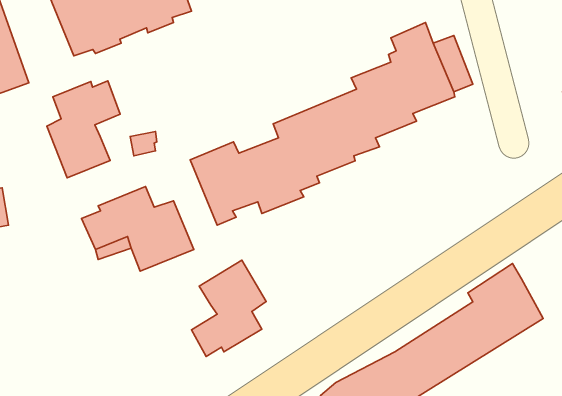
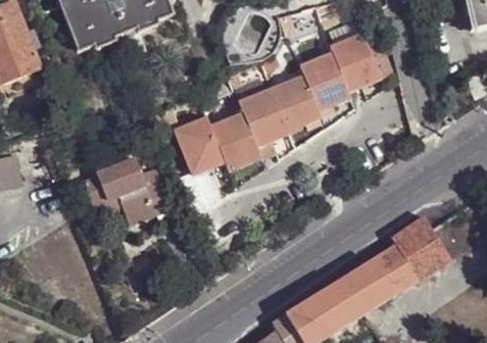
building: [47,81,120,178] -> none
building: [192,260,266,357] -> none

